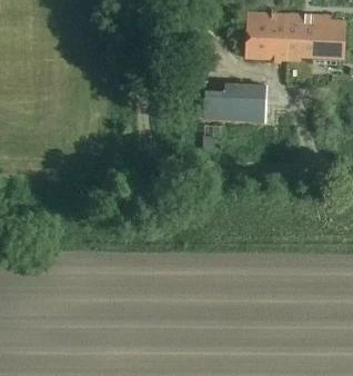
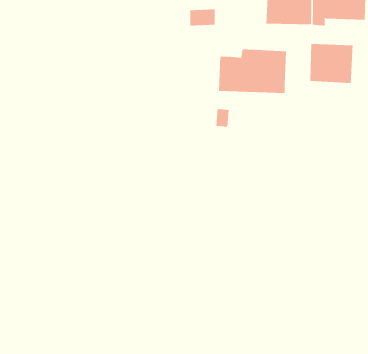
building: none -> [310,43,353,84]

